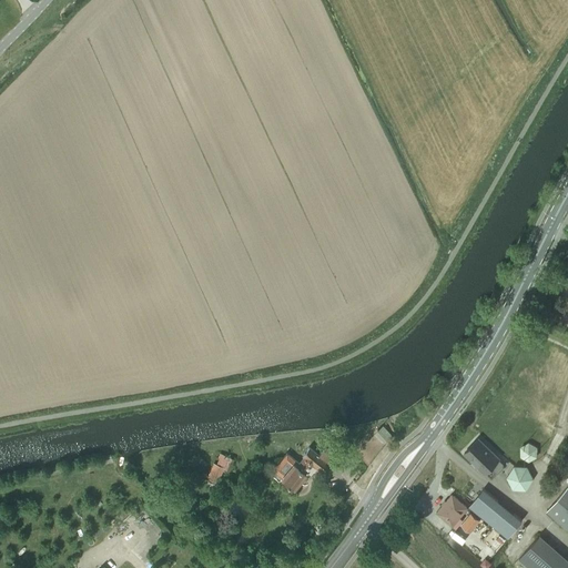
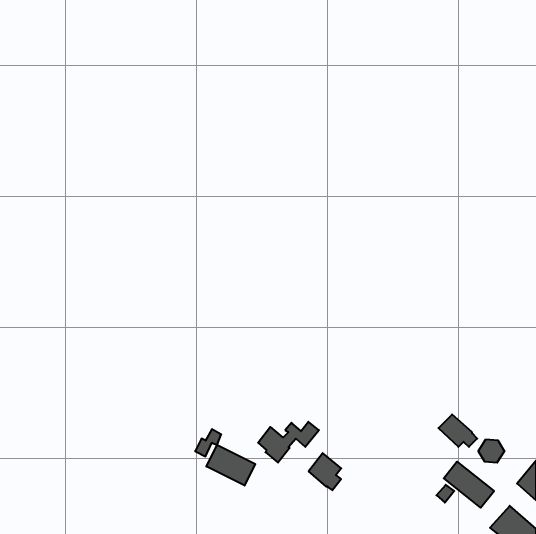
building: none -> [206,445,255,486]
building: none -> [309,453,341,490]
building: [437,495,469,528] -> none

